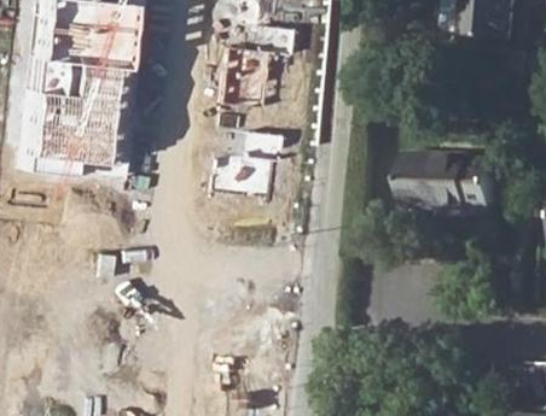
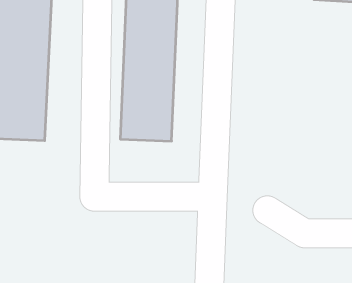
building: [396,150,488,205] -> none

